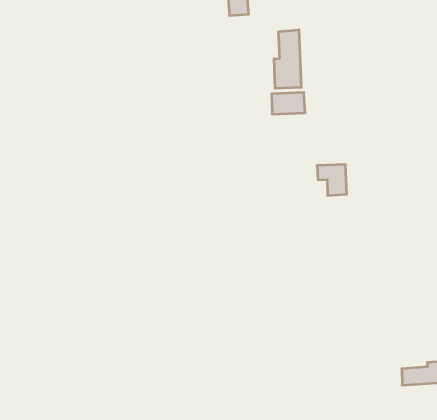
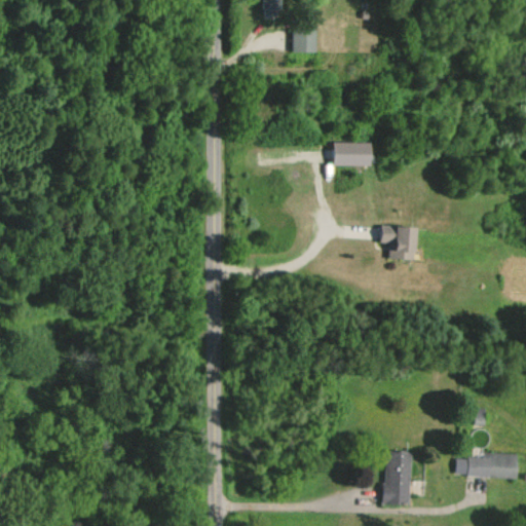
building: [274,30,301,88] -> none
building: none -> [383,452,412,505]

